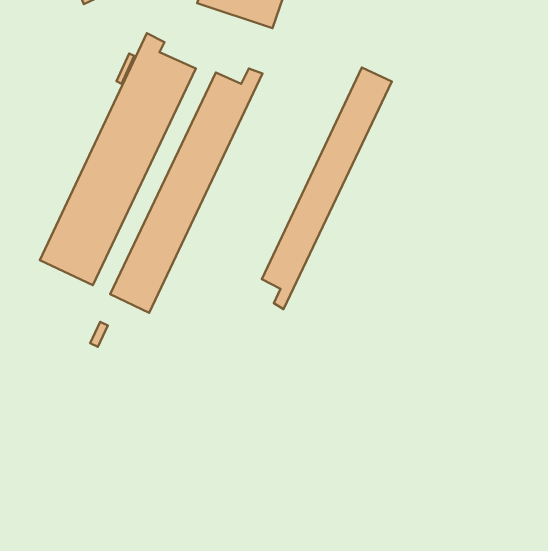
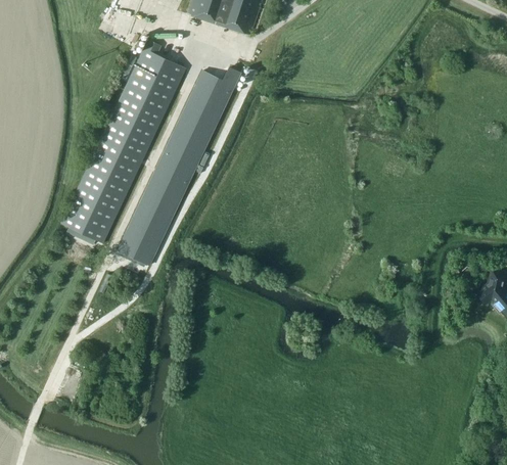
building: [262,68,392,309] -> none

